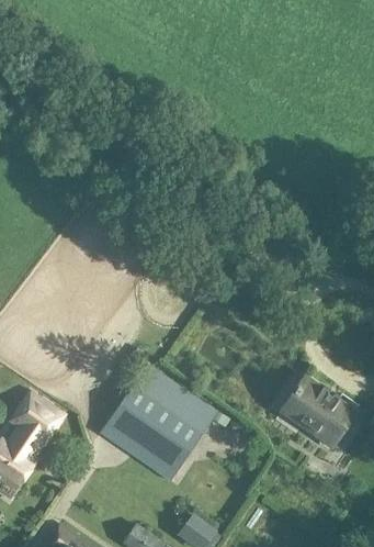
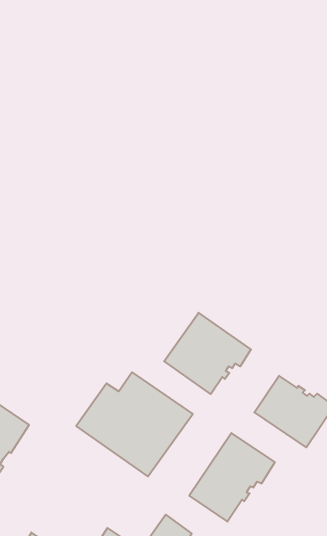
building: none -> [164,313,251,394]
building: none -> [189,433,275,522]

